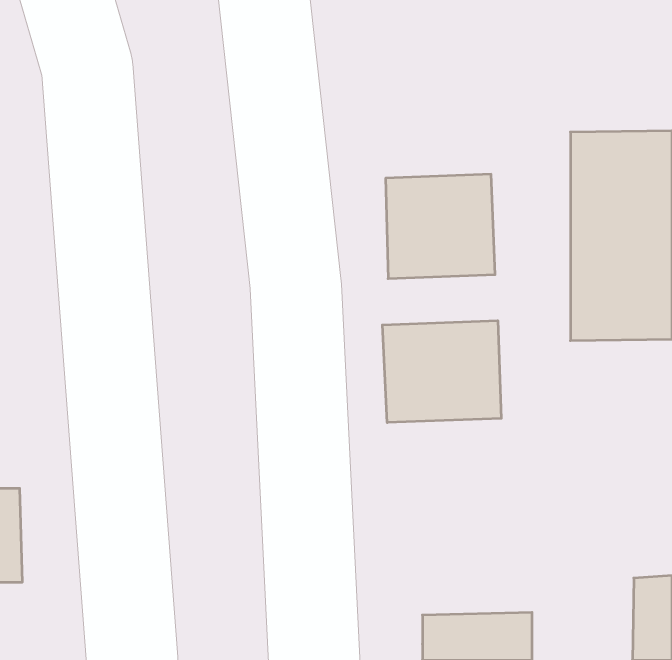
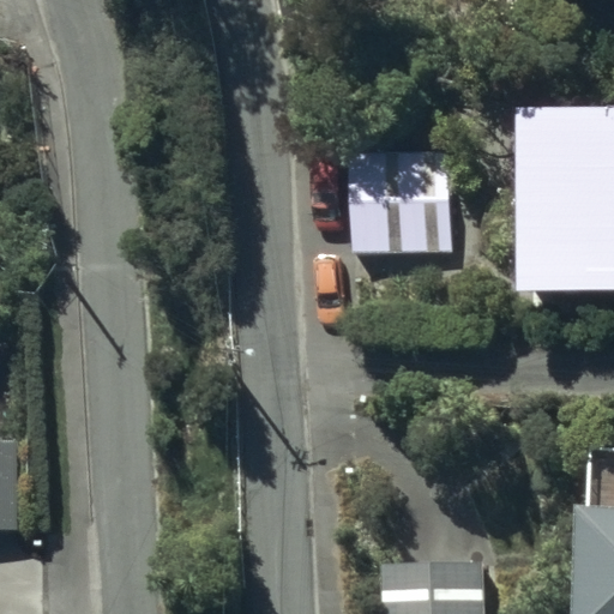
building: [382,321,501,423] -> none

